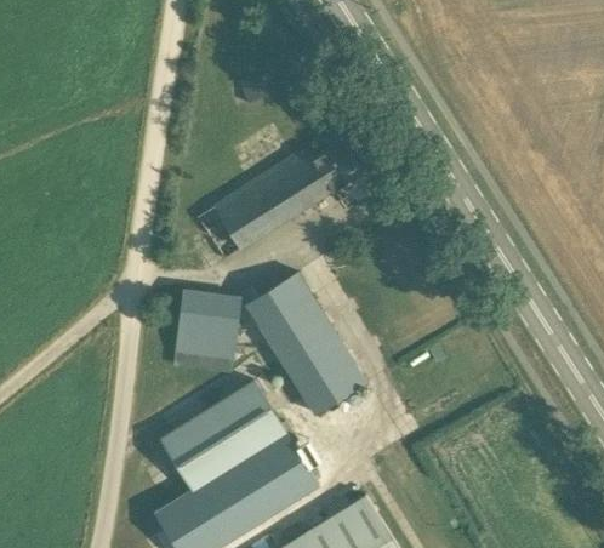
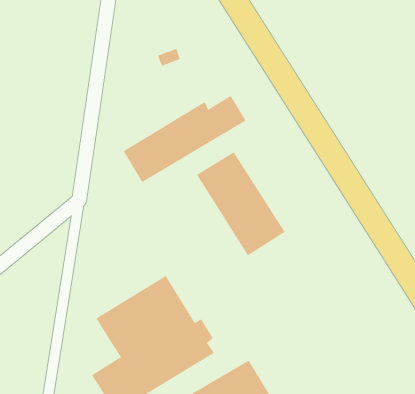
building: [246,274,366,415] -> [196,151,286,256]
building: [176,292,241,360] -> none

